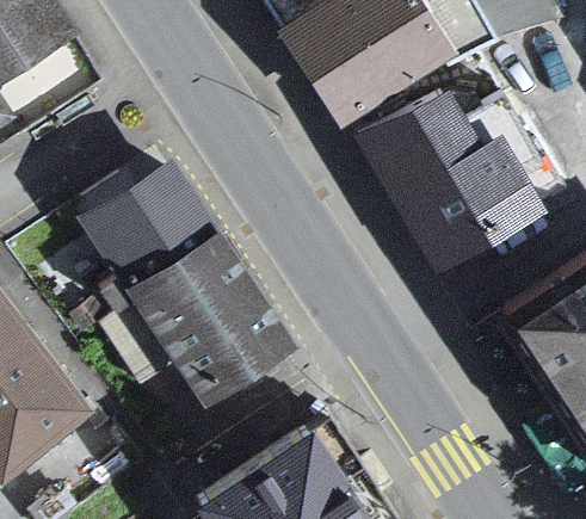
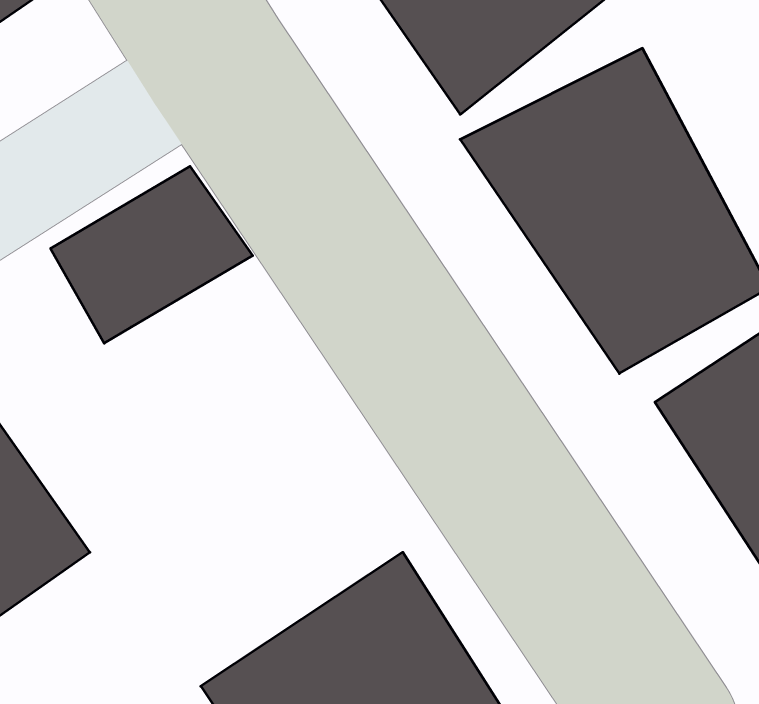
building: [121,216,300,395] -> none

